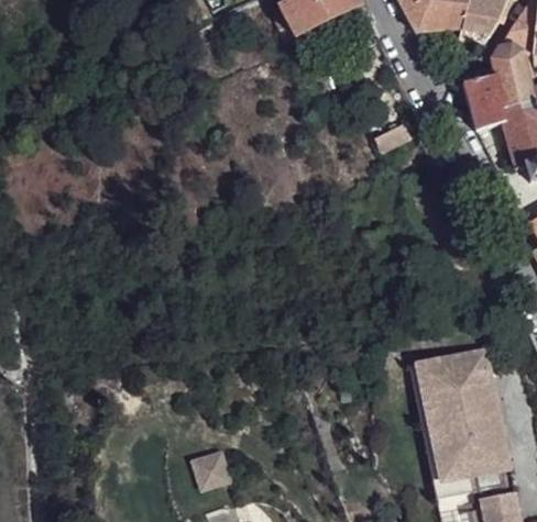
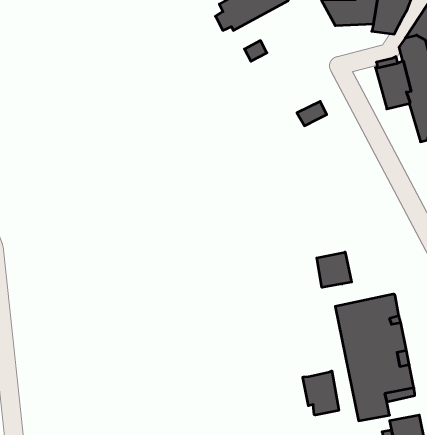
building: none -> [317,252,352,287]
building: none -> [303,371,339,415]
building: [190,447,233,490] -> none

